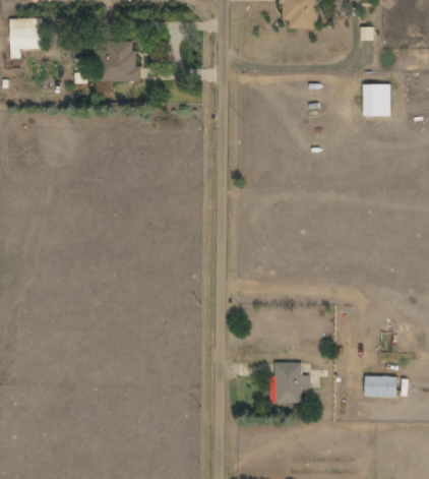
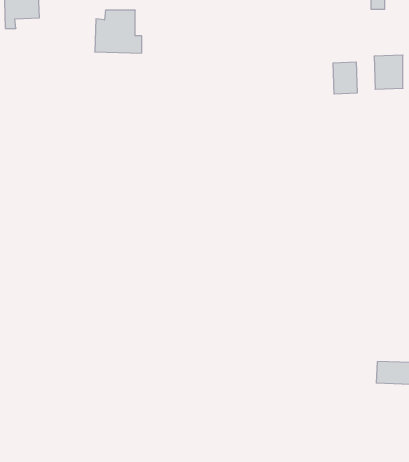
building: none -> [333,62,357,94]
building: [273,361,311,402] -> none

